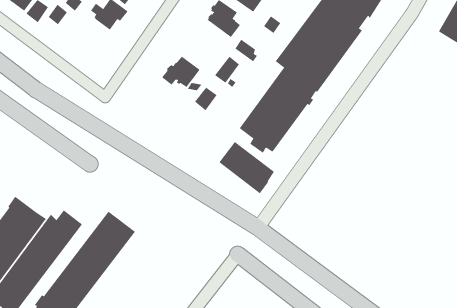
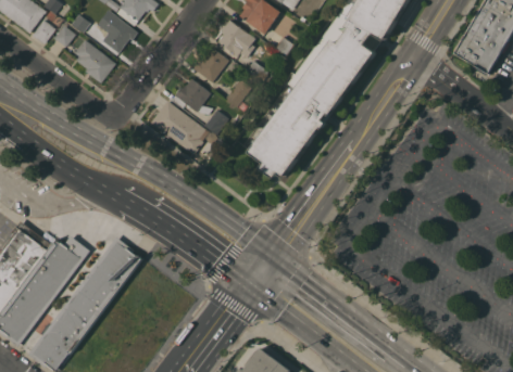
building: none -> [75,39,115,82]
building: none -> [192,48,228,82]
building: [219,141,275,194] -> [151,100,209,154]

